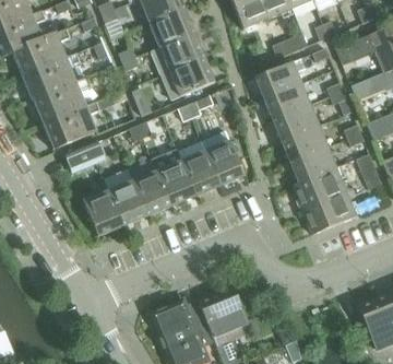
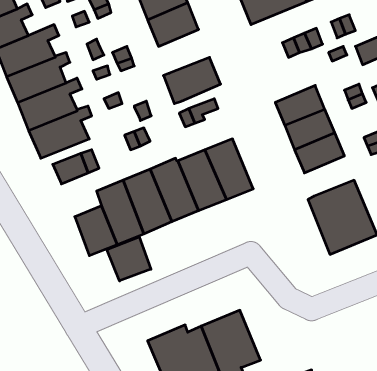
building: [154,33,205,74] -> none
building: [255,58,306,98] -> none
building: [290,146,335,183] -> none
building: none -> [107,237,151,281]

